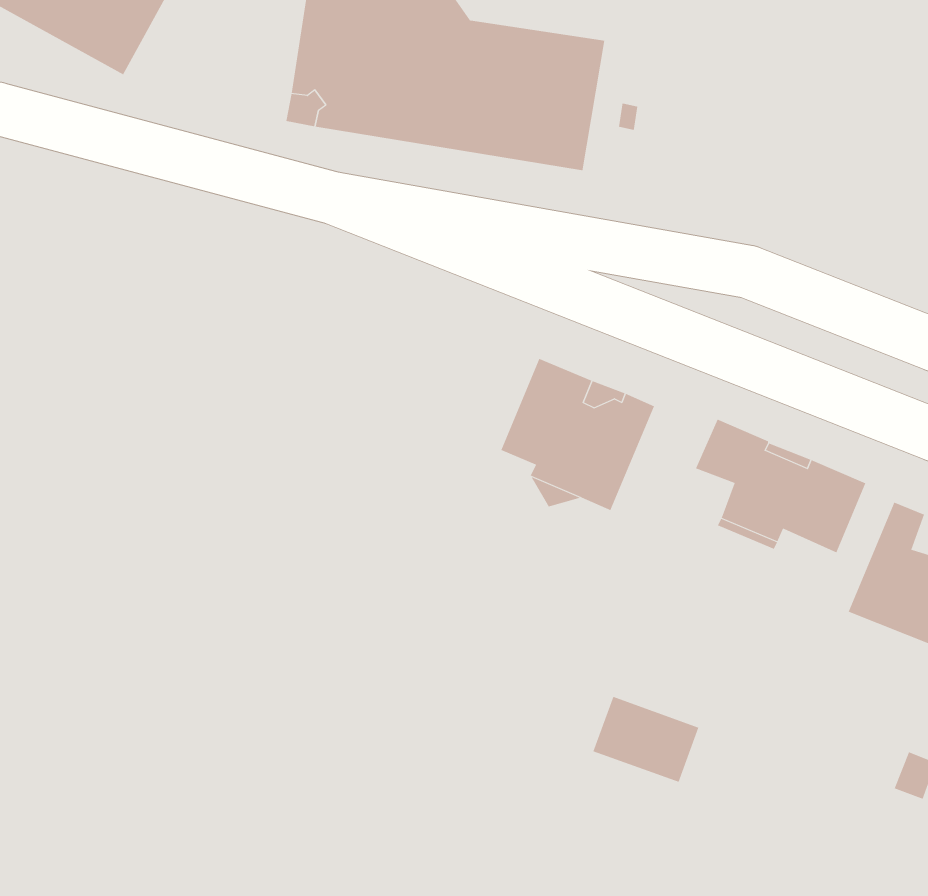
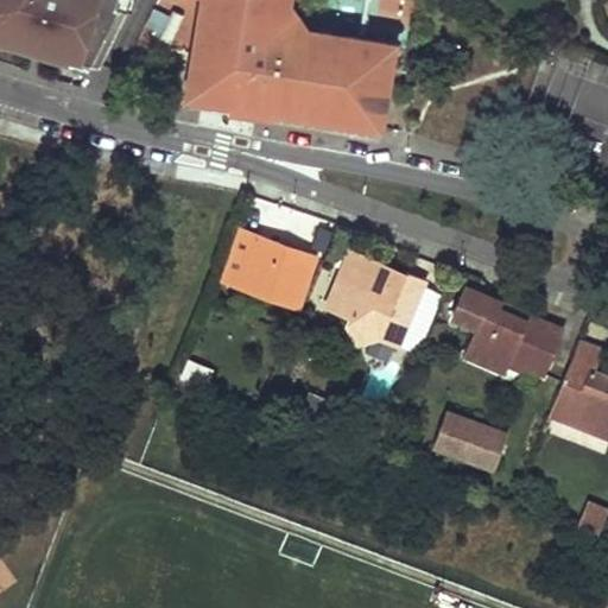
building: none -> [223,233,315,309]
building: [593,696,699,783] -> [436,414,505,470]

